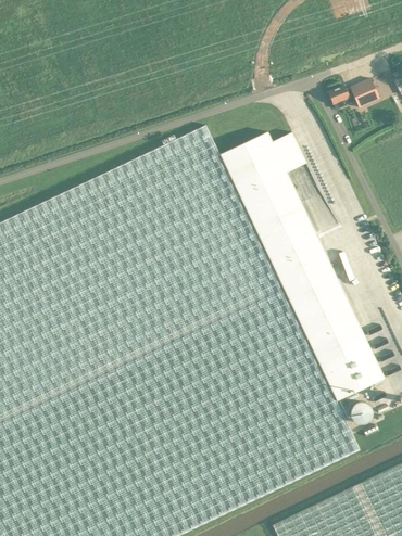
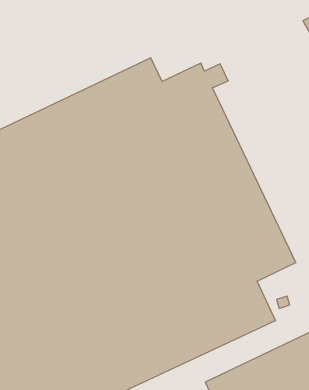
building: [327,78,379,109] -> none

